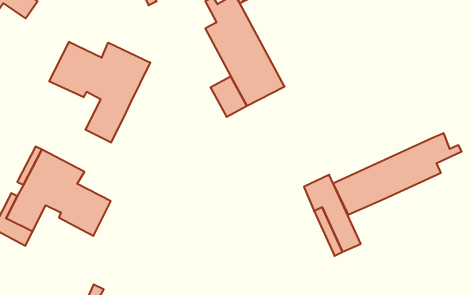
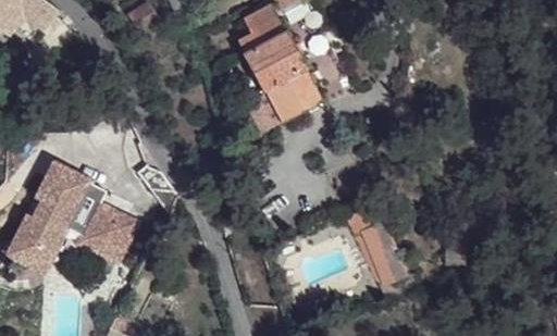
building: [49,42,150,143] -> none
building: [333,133,462,215] -> none

